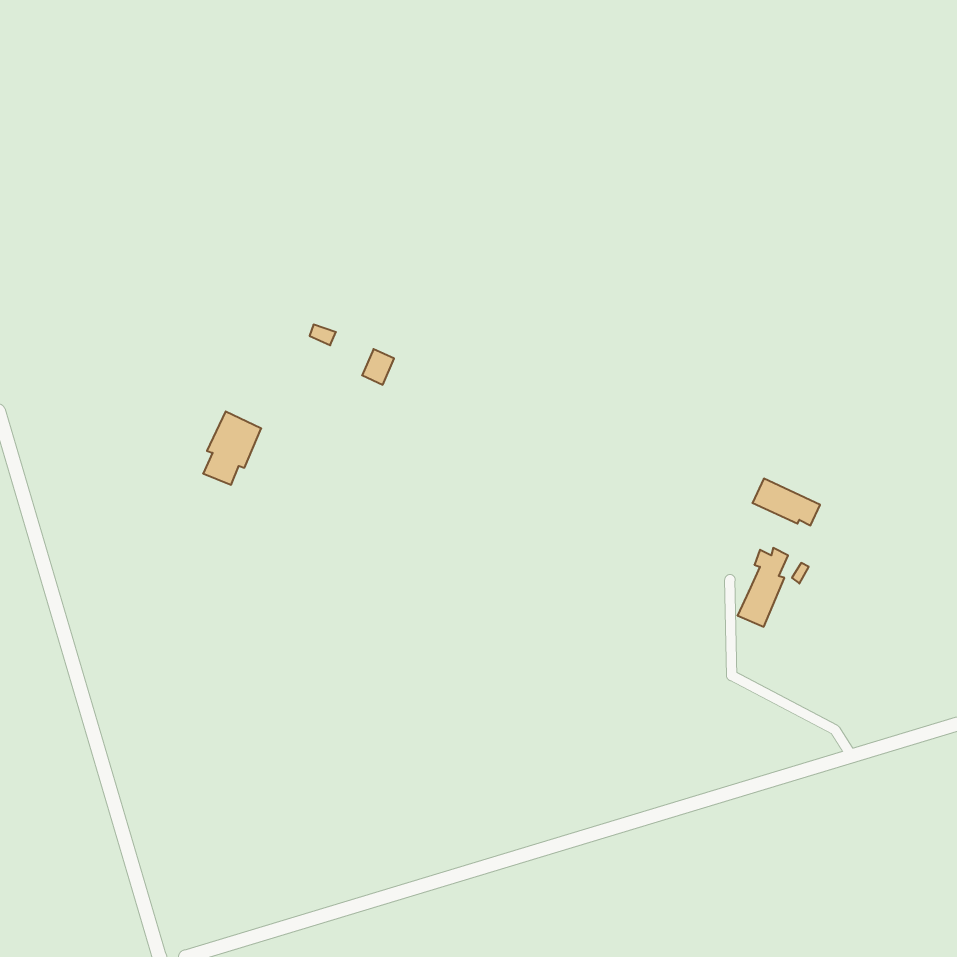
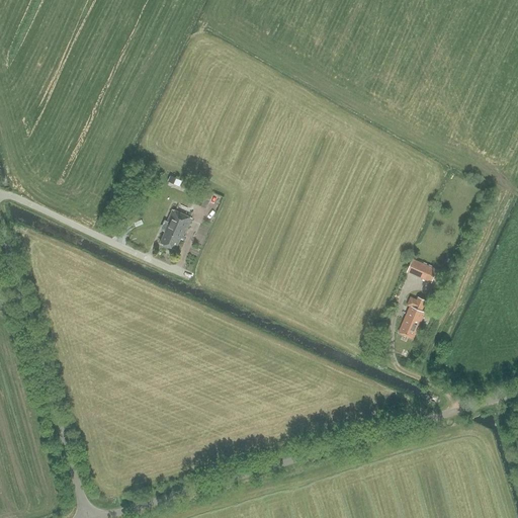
building: [203,411,261,485] -> [160,208,191,248]

